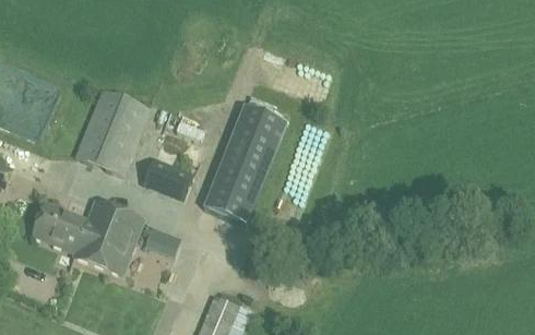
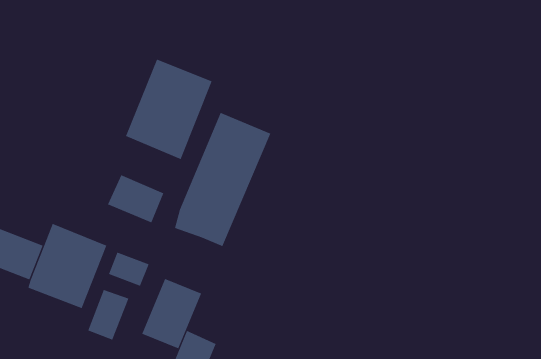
building: [75,87,152,176] -> [125,59,212,160]
building: none -> [142,278,202,349]
building: none -> [88,289,129,341]

